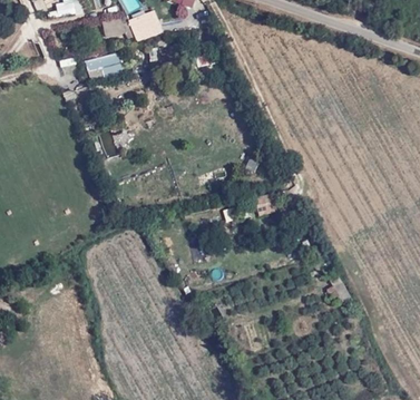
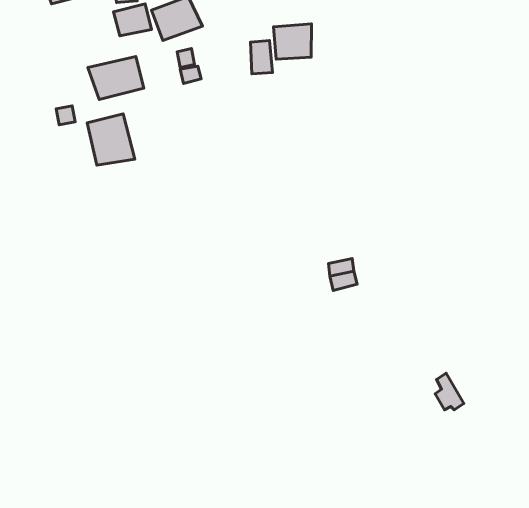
building: none -> [274,24,311,59]
building: none -> [87,114,135,165]

